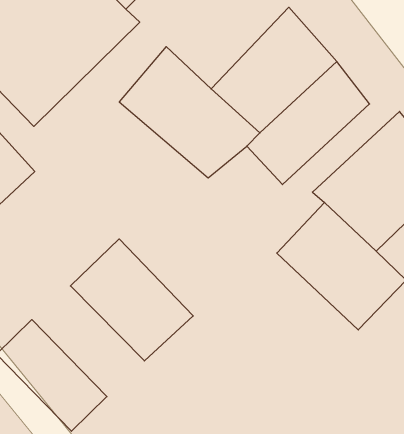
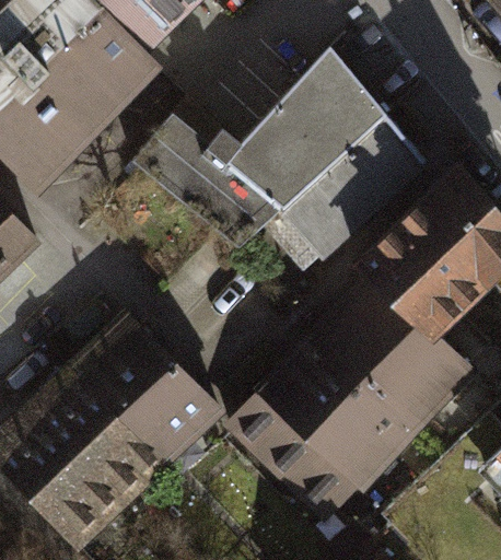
building: none -> [236,338,419,520]
building: none -> [38,376,170,505]

